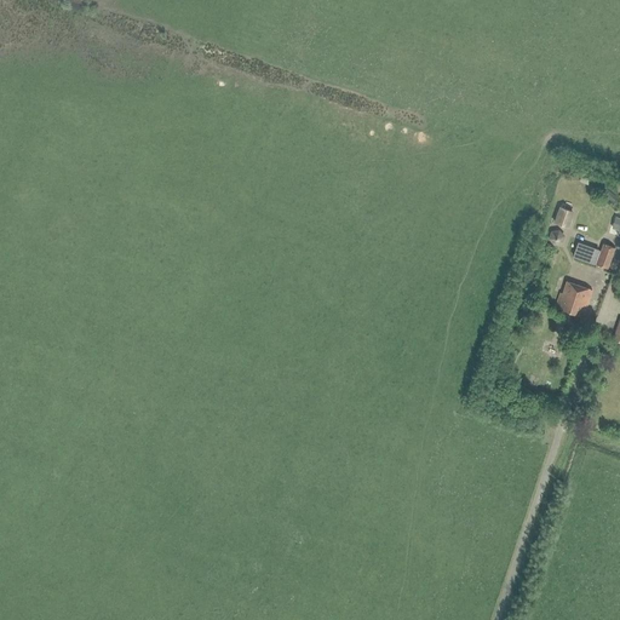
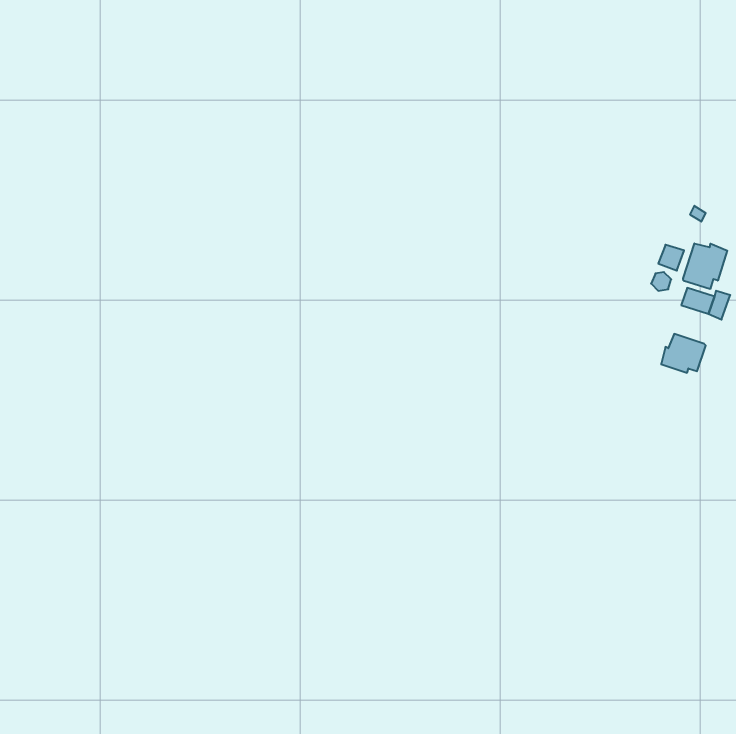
building: none -> [683,243,727,289]

